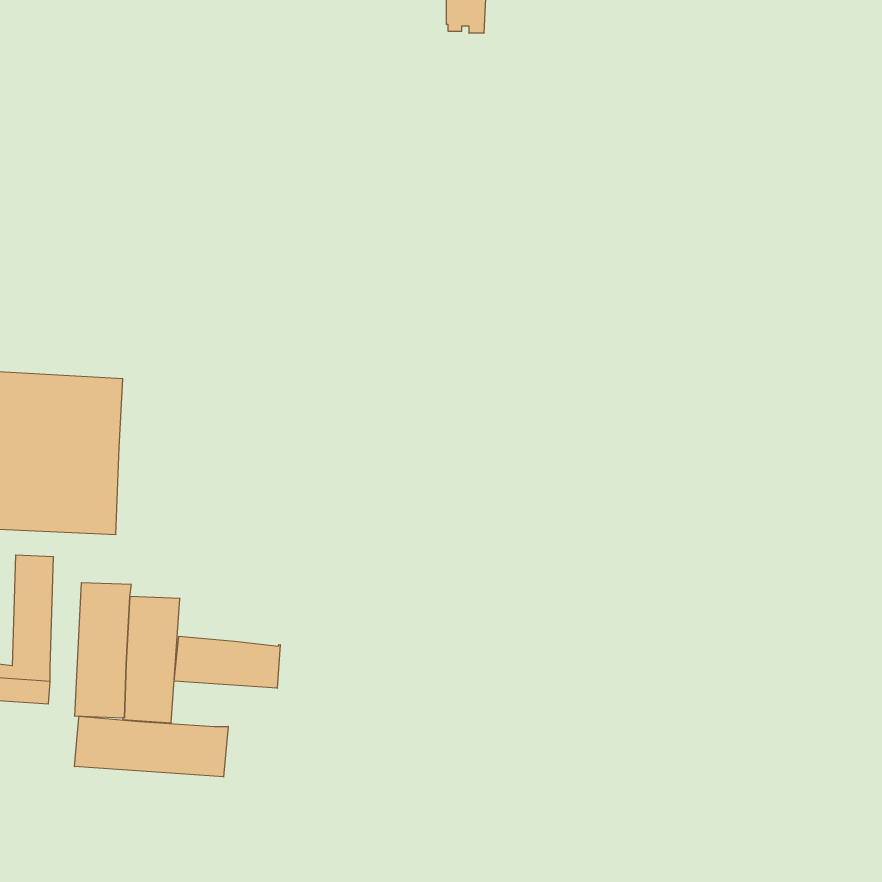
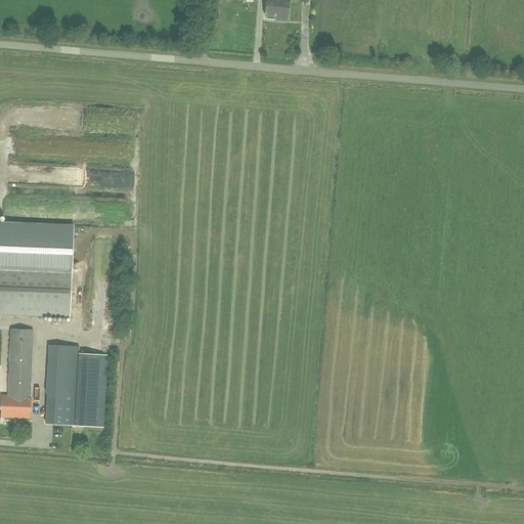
building: [174,636,280,688] -> none
building: [75,716,228,777] -> none

